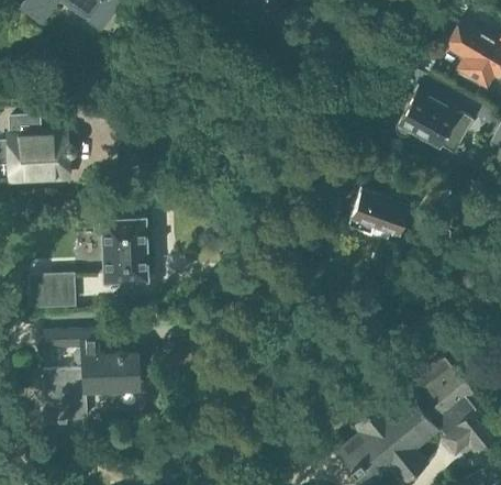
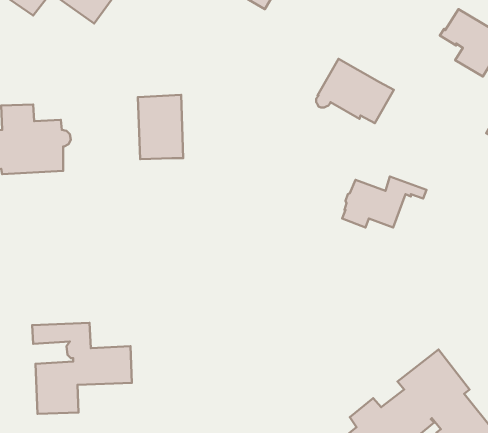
building: [397,89,474,153] -> [316,59,394,123]
building: [103,217,148,280] -> [138,95,183,159]
building: [31,275,76,307] -> none

